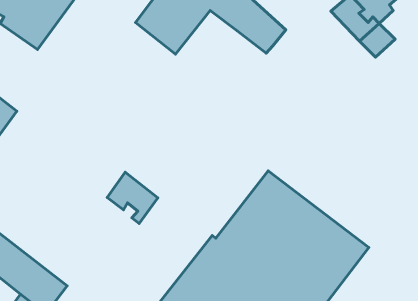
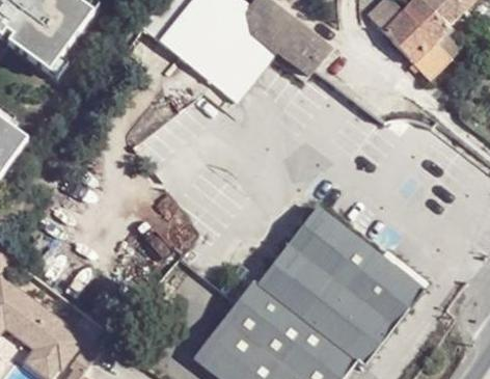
building: none -> [208,28,276,101]
building: [107,172,158,224] -> none

